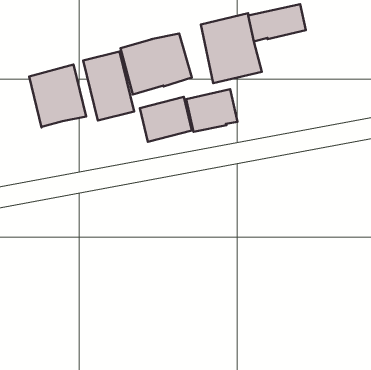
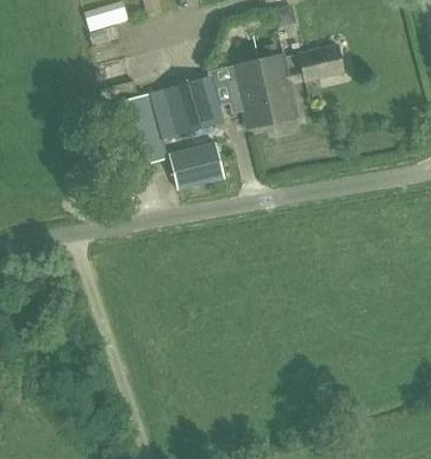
building: [29,64,86,127] -> none
building: [186,89,238,132] -> none

